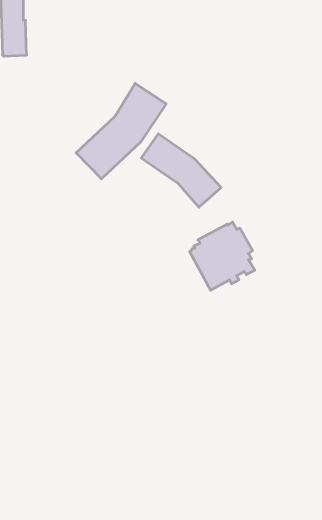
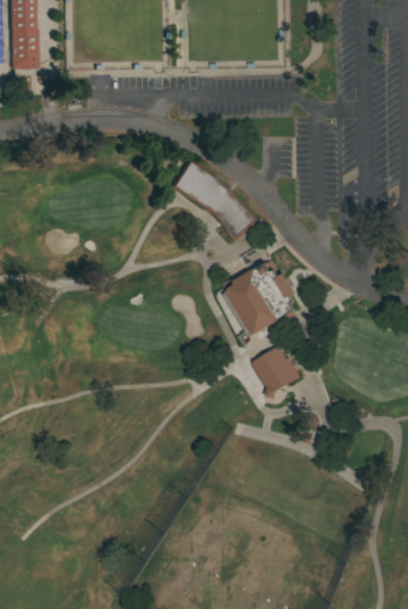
building: [76,83,166,179] -> none
building: none -> [253,345,304,398]

